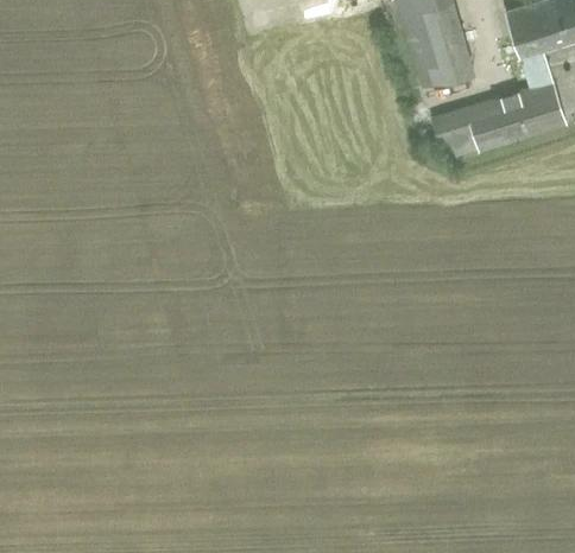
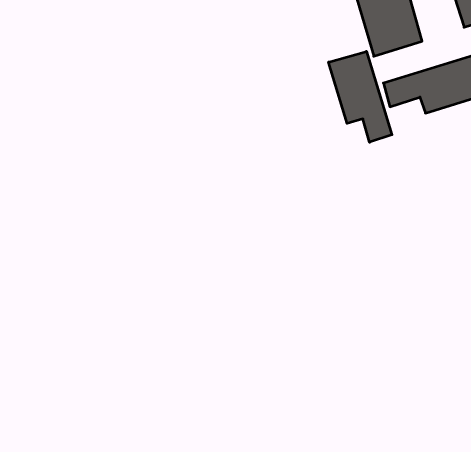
building: none -> [329,51,392,142]

